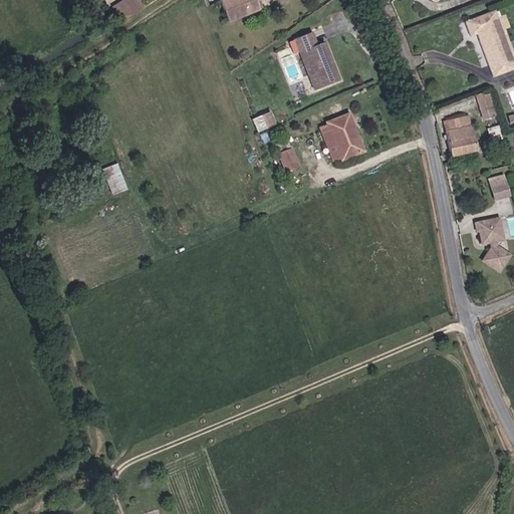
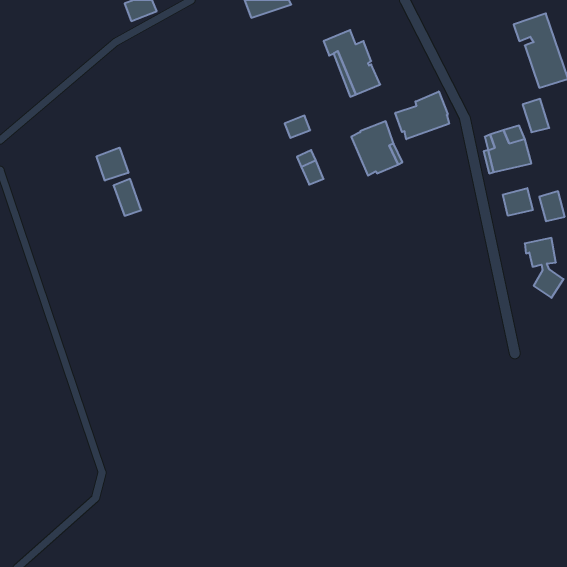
building: none -> [395,91,449,139]
building: none -> [97,148,128,181]
building: none -> [503,188,533,216]

